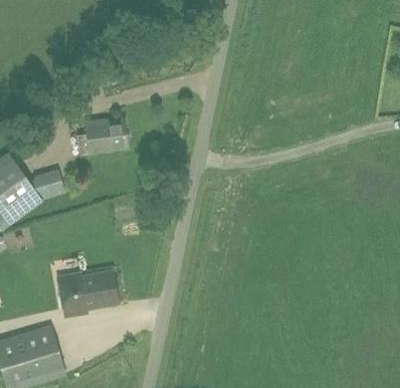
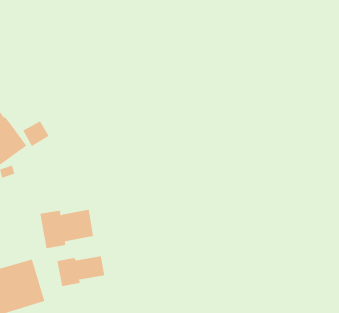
building: [76,119,128,153] -> none
building: none -> [57,256,105,287]

